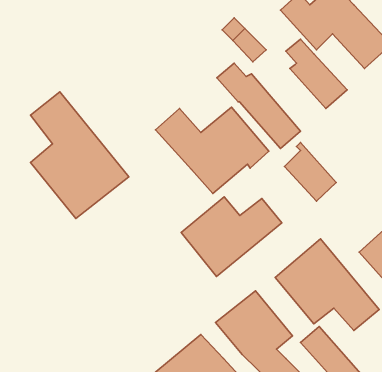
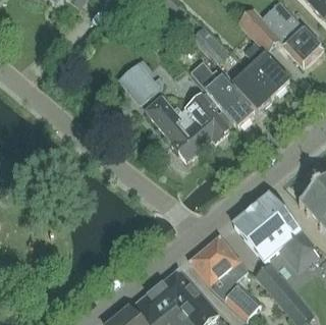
building: none -> [116,58,160,104]
building: [30,92,129,218] -> none
building: [284,143,336,201] -> [233,64,273,109]
building: [181,197,282,276] -> none

